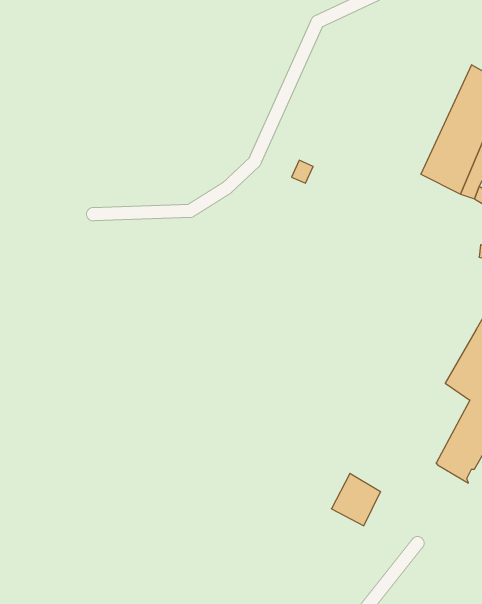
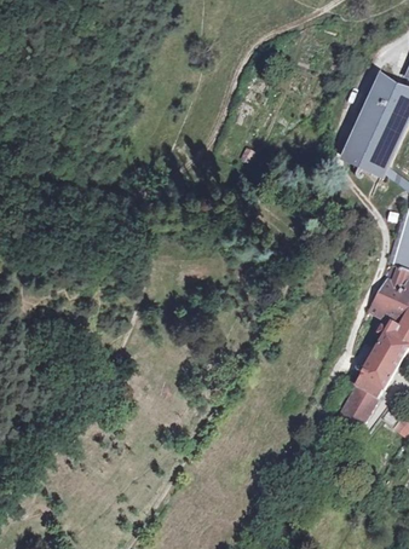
building: [331,473,381,526] -> [339,386,378,427]

